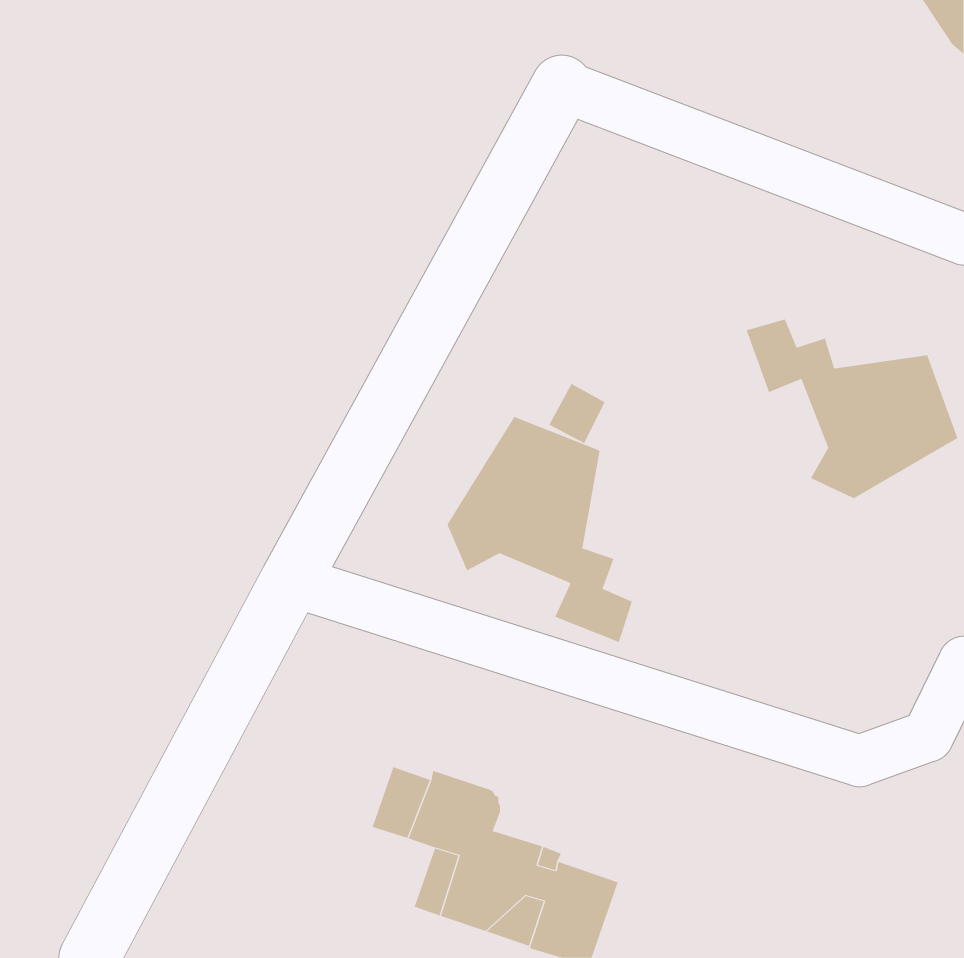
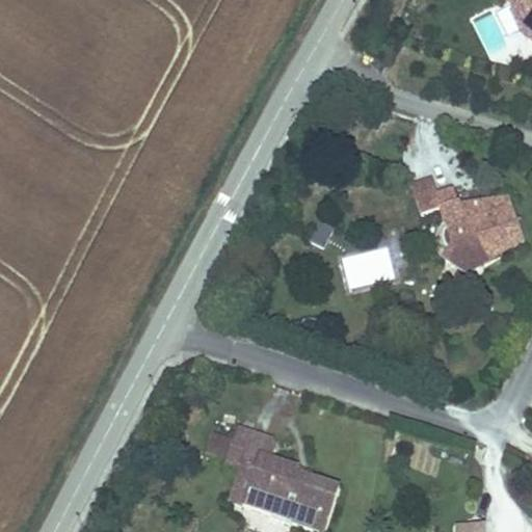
building: [447,416,633,643] -> none

